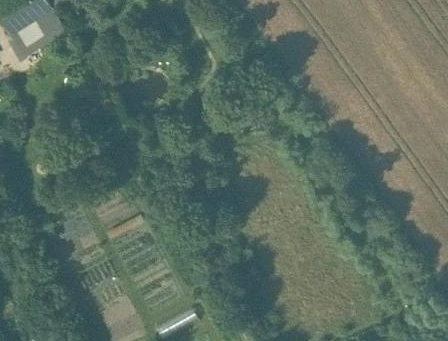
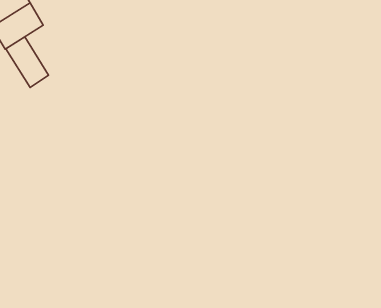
building: none -> [6,37,49,88]

